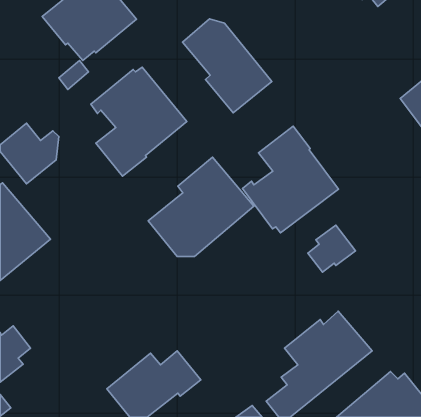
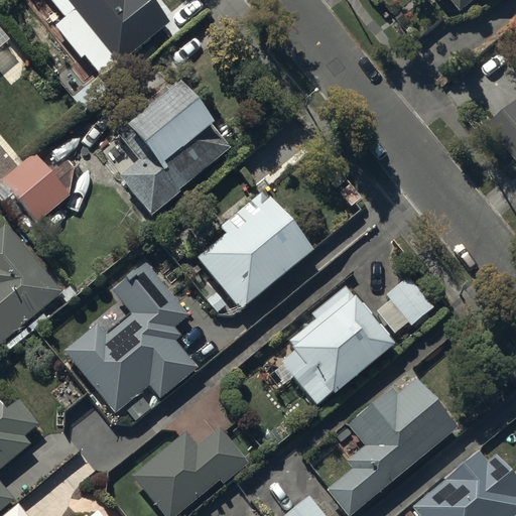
building: [182,19,272,113] -> none
building: [243,126,339,233] -> none
building: none -> [63,261,198,412]
building: none -> [279,286,395,405]

